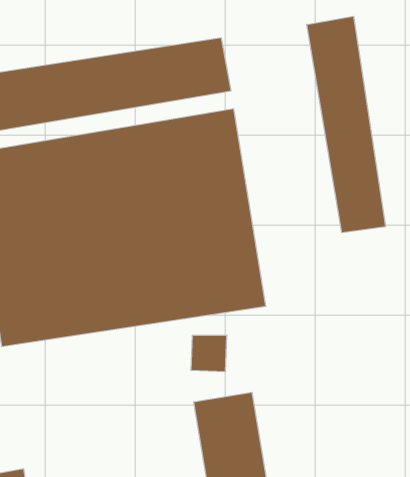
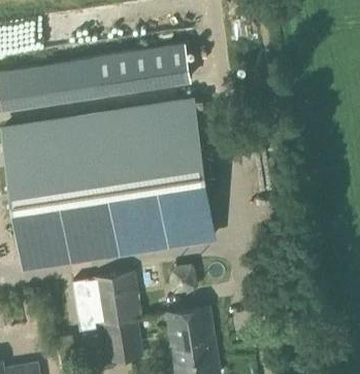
building: [307,16,386,233] -> none
building: none -> [73,274,142,361]

